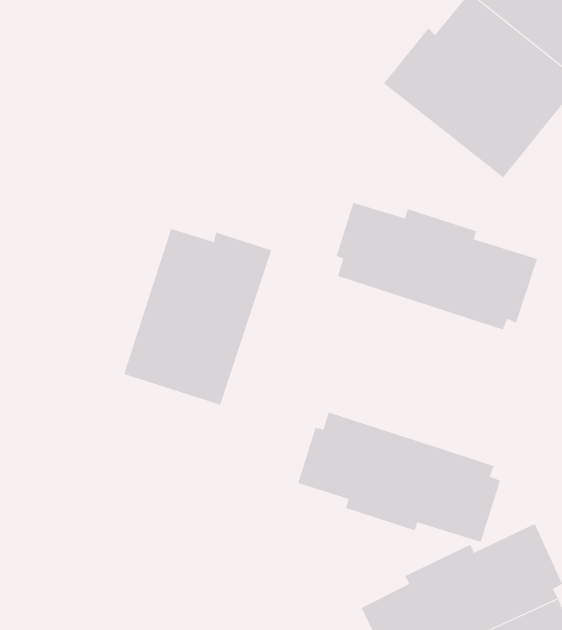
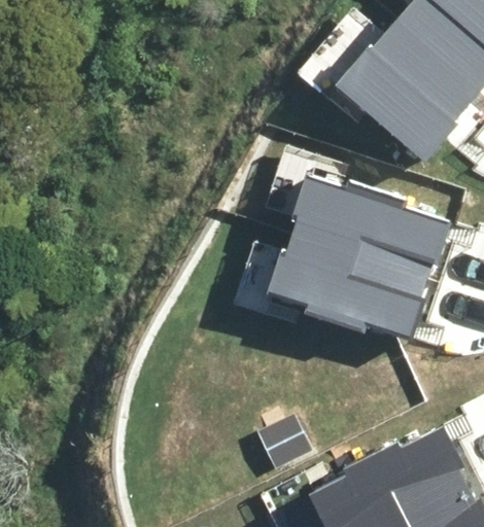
building: [123,228,272,405] -> none
building: [298,412,501,543] -> [269,235,427,337]

